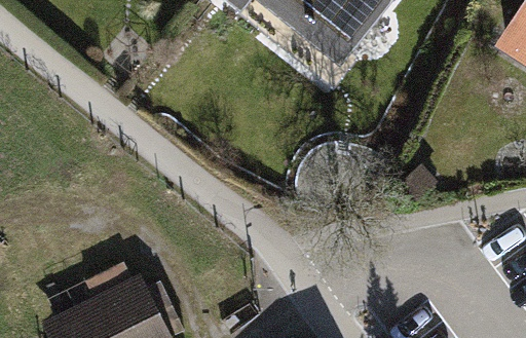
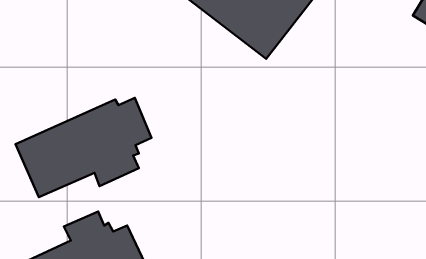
building: none -> [16,98,152,197]

